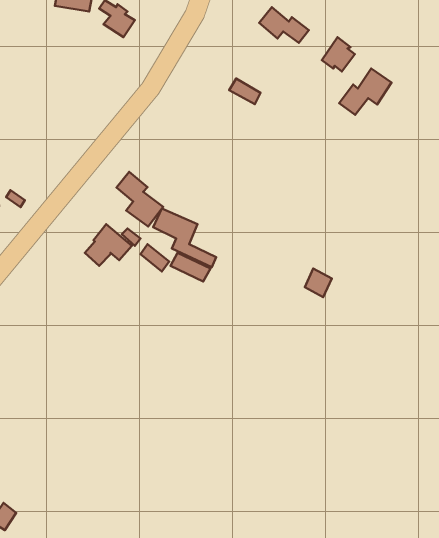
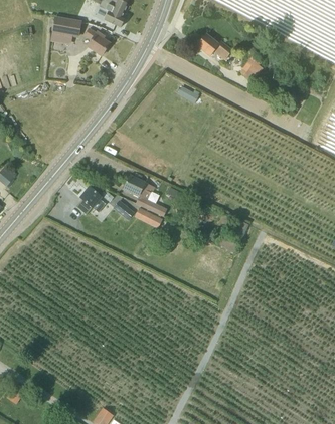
building: [339,68,392,115] -> none
building: [117,172,163,226] -> none

